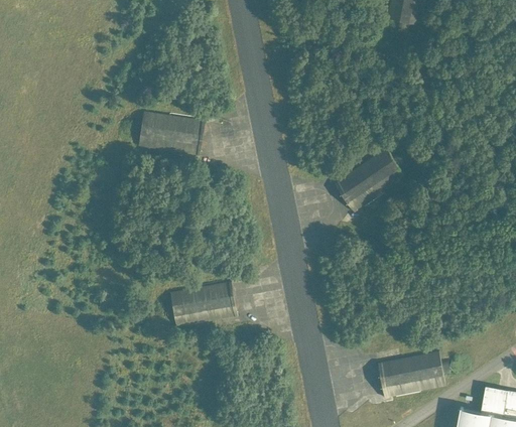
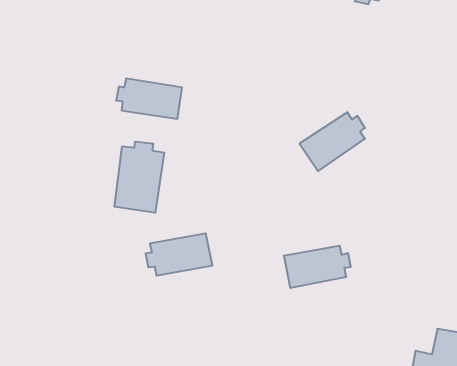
building: none -> [115,142,164,213]
building: [378,350,452,397] -> [284,246,351,288]

